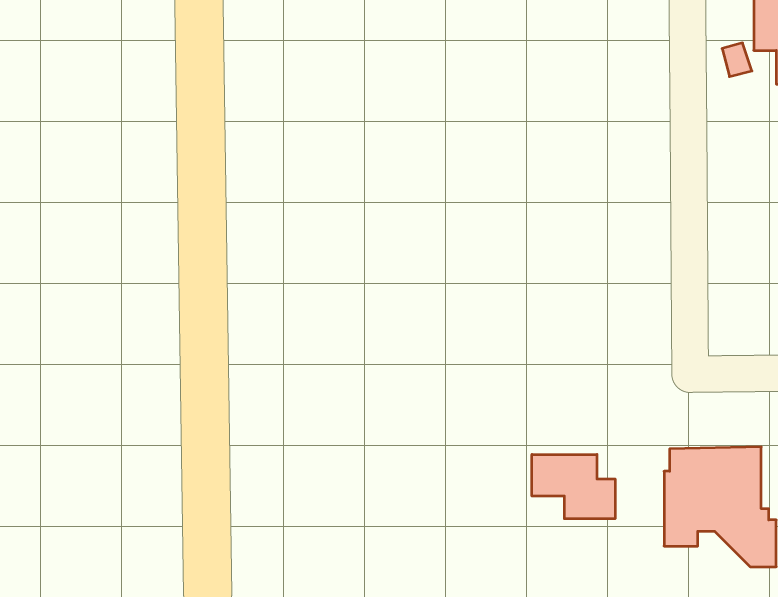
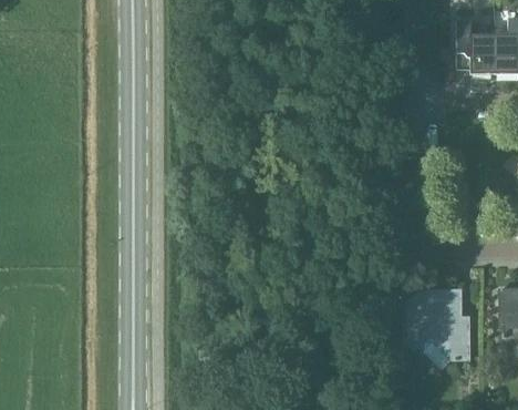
building: [532,454,615,519] -> none

